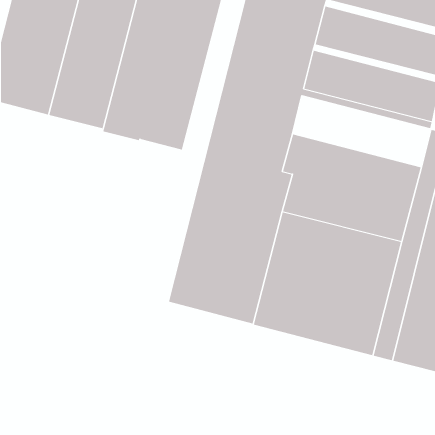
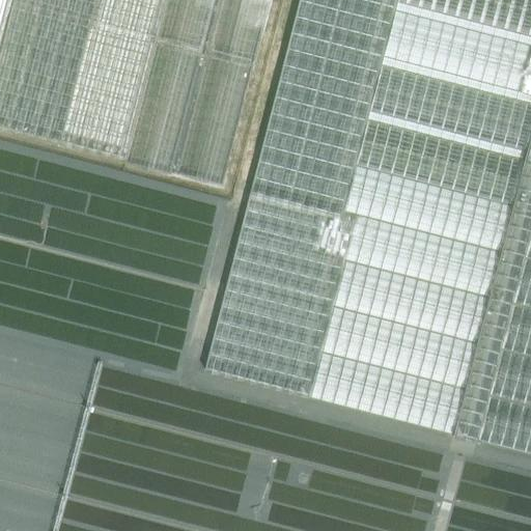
building: none -> [357,116,525,203]

